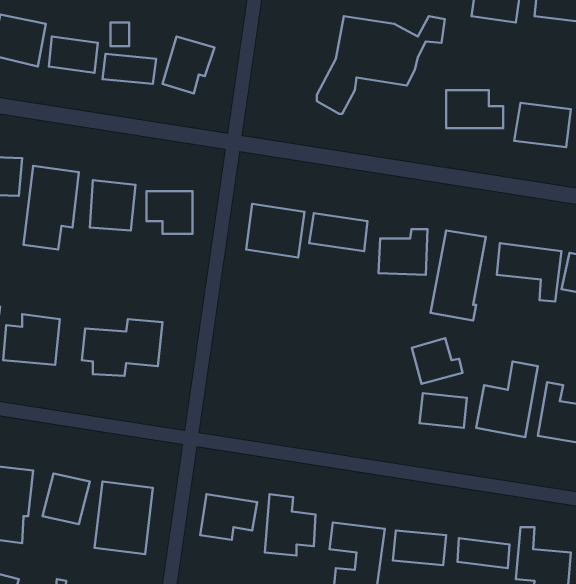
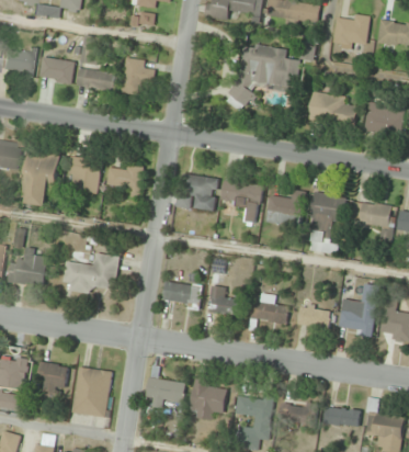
building: [412,338,462,384] -> [252,293,287,325]
building: none -> [162,282,203,309]
building: none -> [208,286,240,316]

